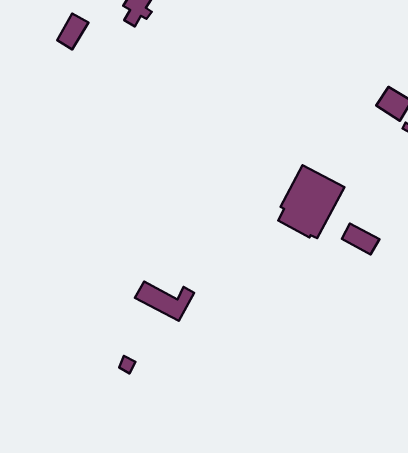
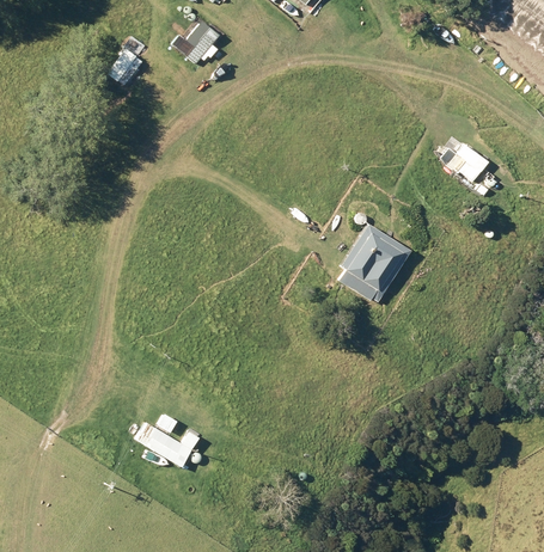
building: [342,224,379,255] -> none
building: [135,282,194,321] -> [135,422,198,466]

